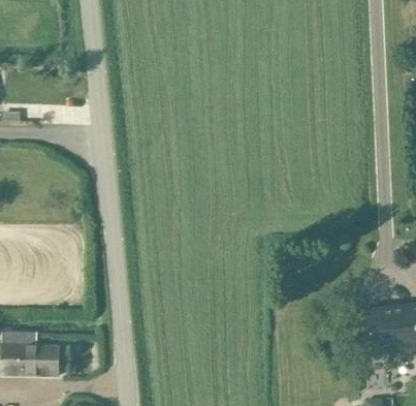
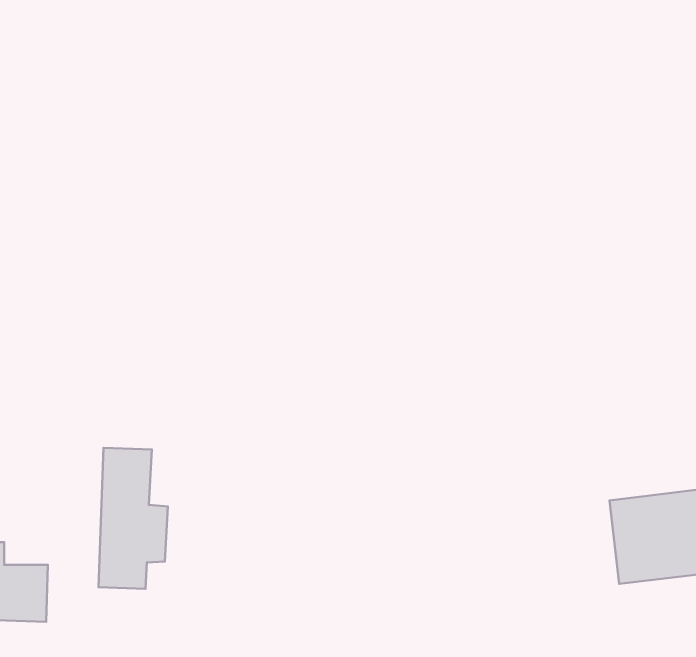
building: none -> [99,448,168,589]

